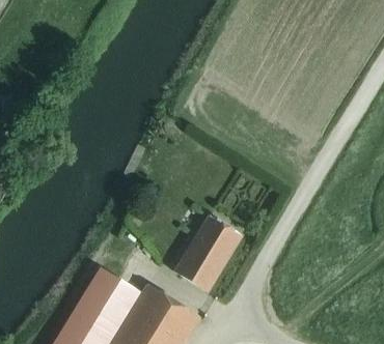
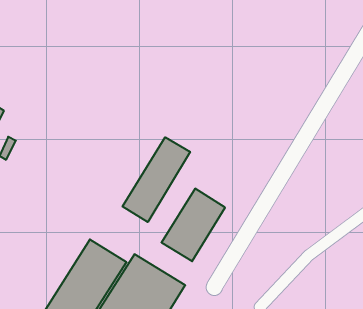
building: none -> [123,137,190,222]

